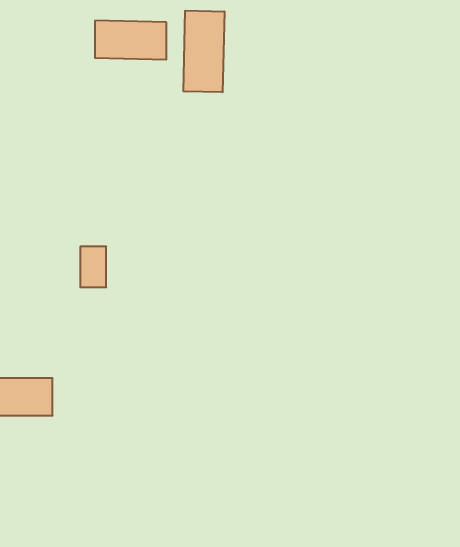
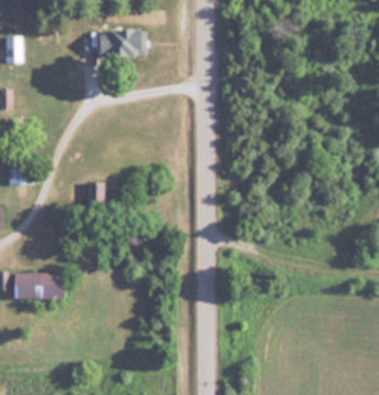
building: [183,11,224,92] -> none

